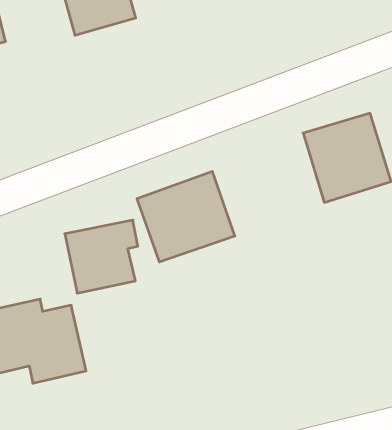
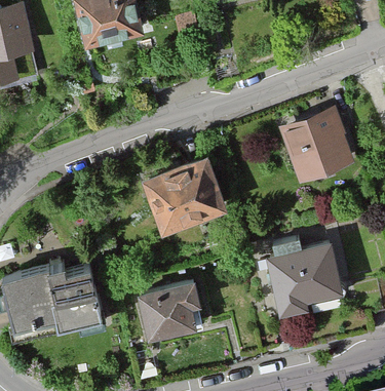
building: [65,220,138,293] -> [139,279,199,340]
building: none -> [268,241,342,312]

